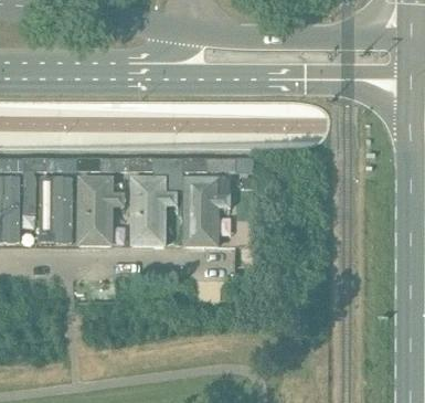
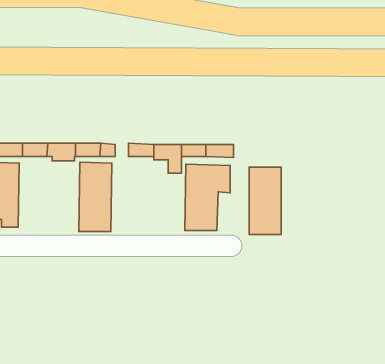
building: [40,177,72,240] -> none
building: [132,177,164,244] -> [249,167,281,235]

